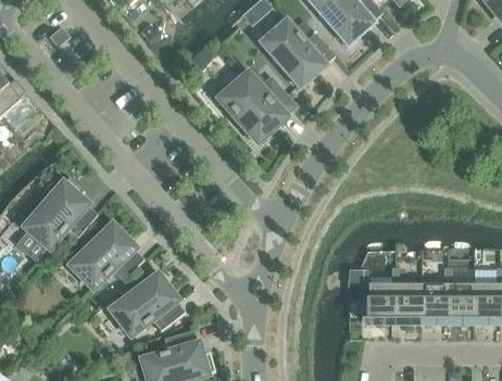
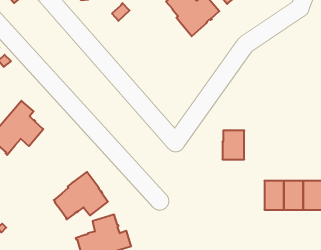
building: [221,74,291,142] -> none
building: [71,221,143,288] -> none
building: [365,283,394,322] -> [222,130,244,159]

